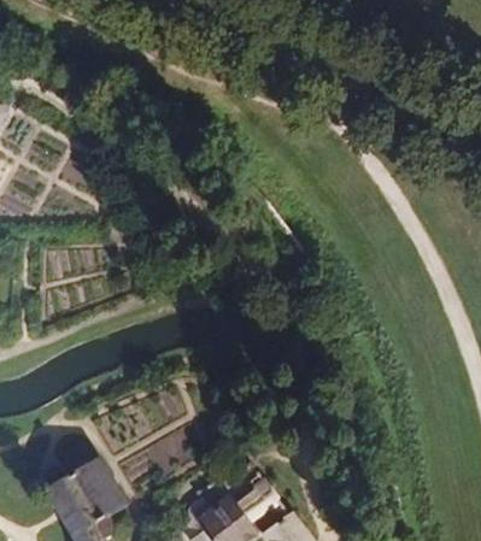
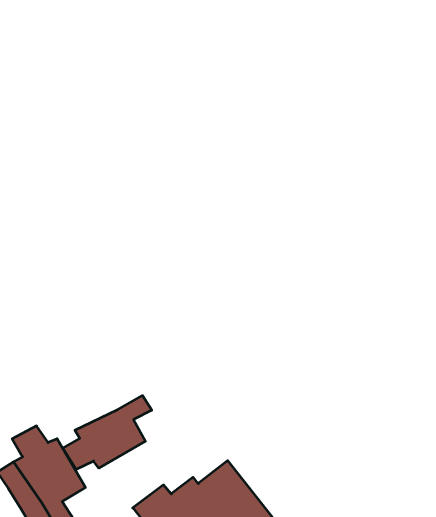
building: none -> [63,396,152,469]

